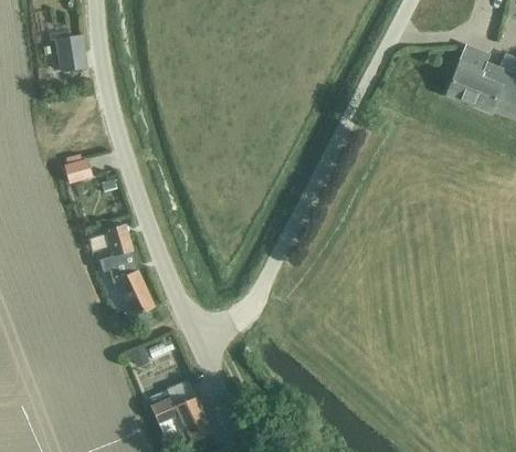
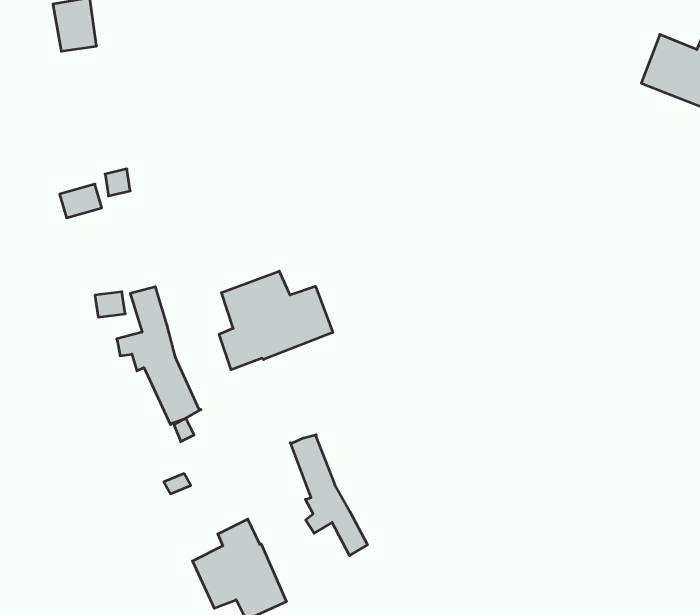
building: none -> [219,271,333,370]
building: none -> [290,435,367,556]

